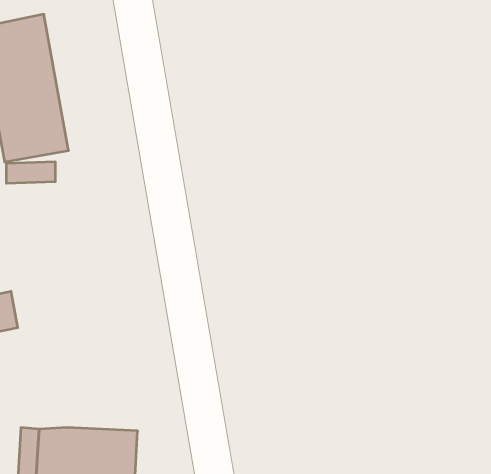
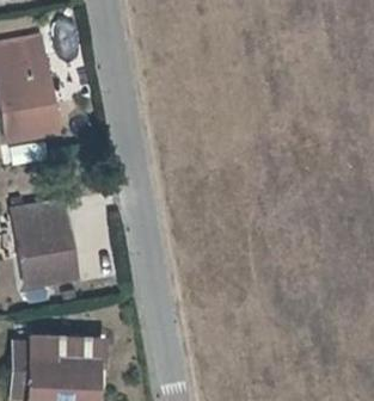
building: none -> [14,200,74,285]

